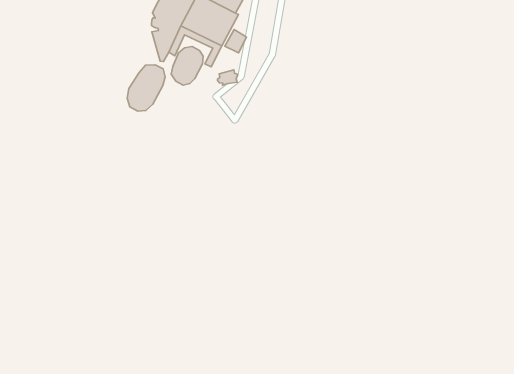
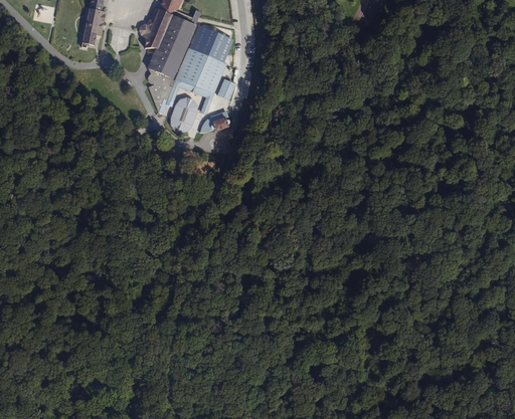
building: [127,65,165,111] -> none

